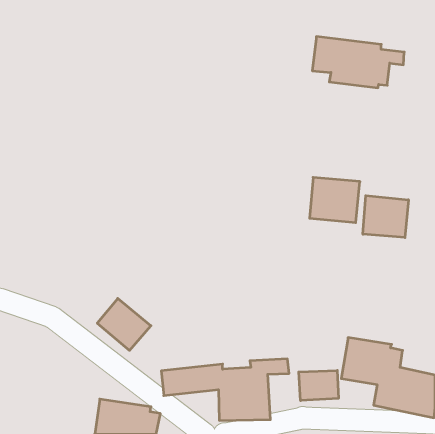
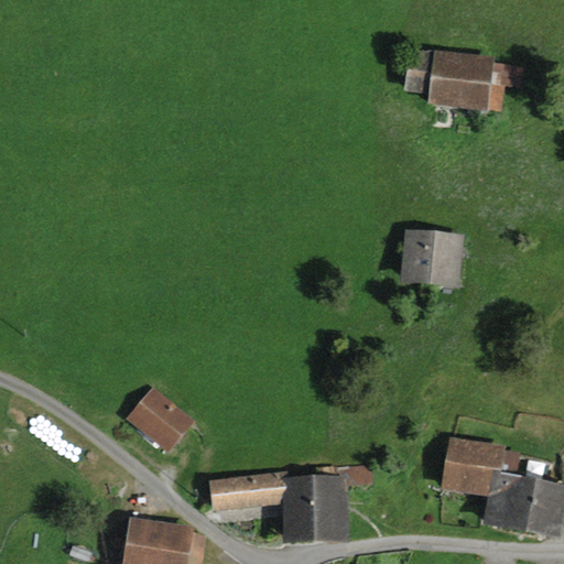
building: [363,196,408,238] -> none
building: [299,370,338,401] -> none

